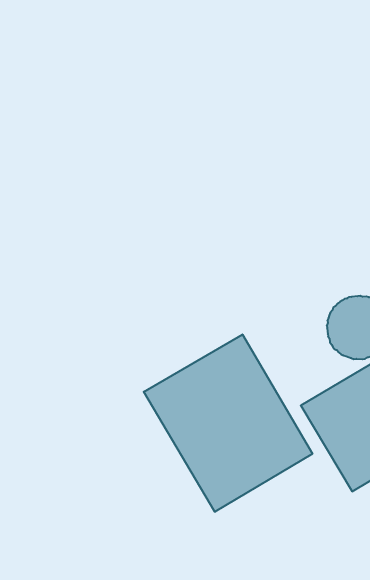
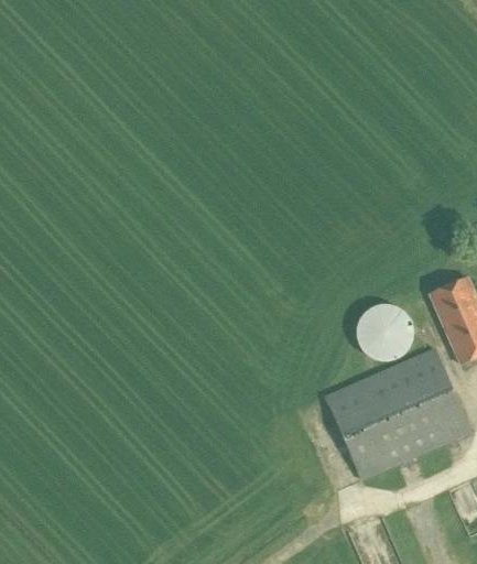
building: [144,334,312,512] -> none

